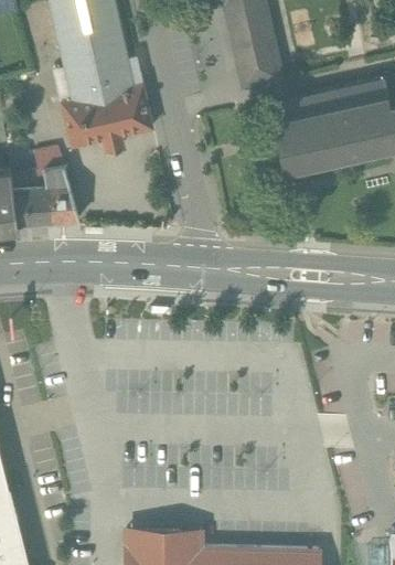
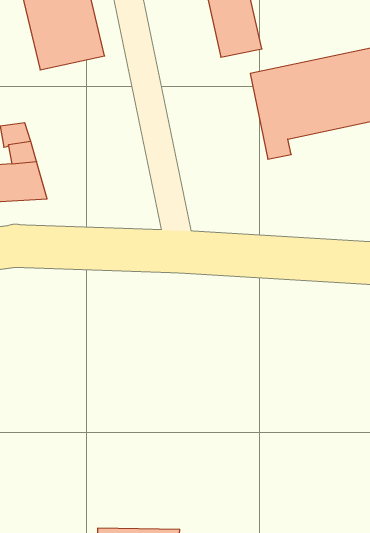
building: [61,85,152,149] -> none

